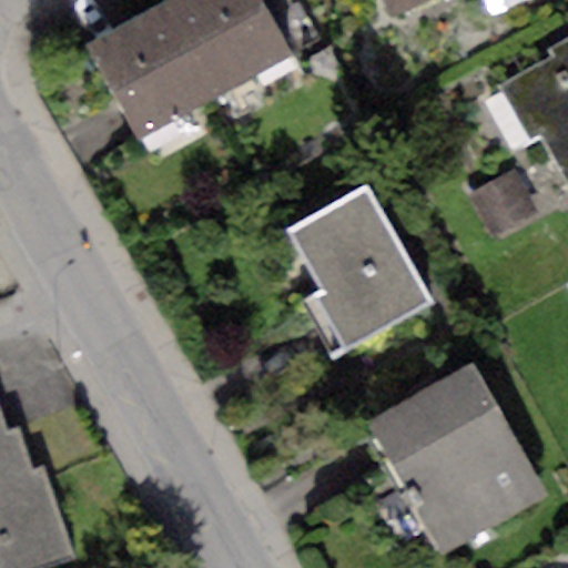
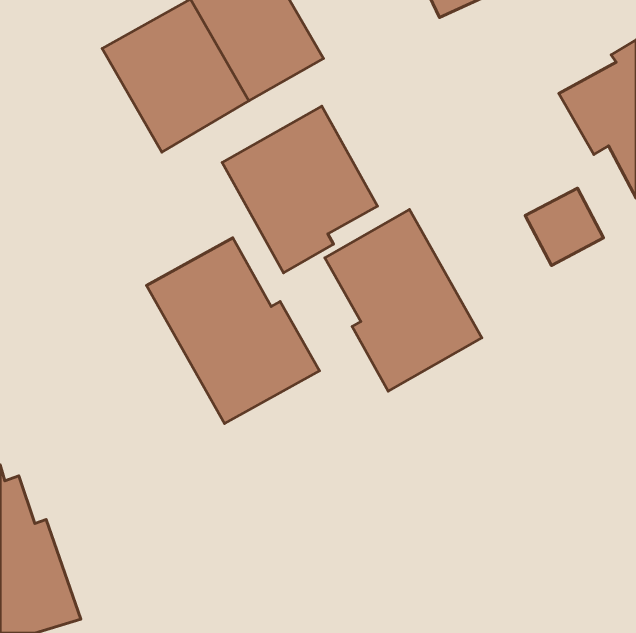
building: none -> [222,106,378,273]
building: none -> [147,238,319,424]
building: [371,364,548,554] -> none

